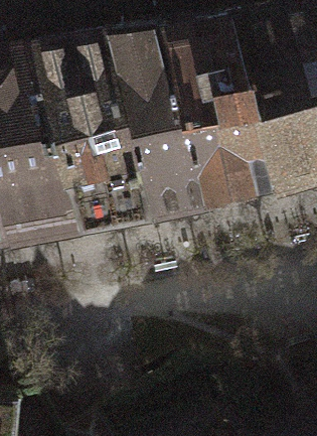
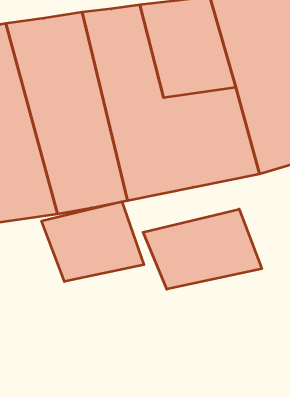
building: none -> [42,202,144,282]
building: none -> [143,209,262,289]

